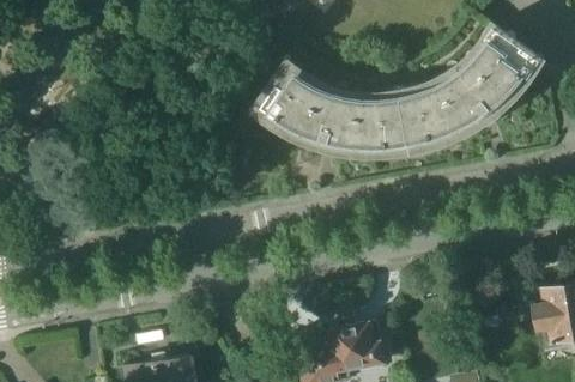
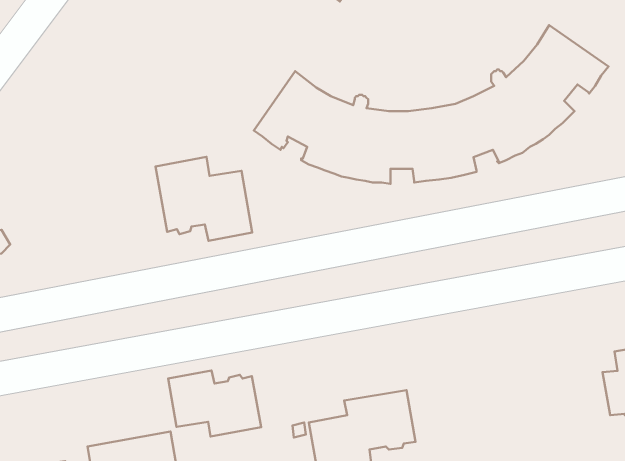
building: none -> [155,157,252,241]
building: none -> [168,371,261,437]

